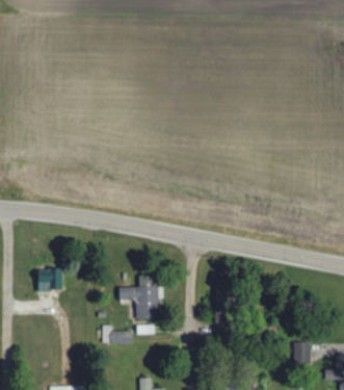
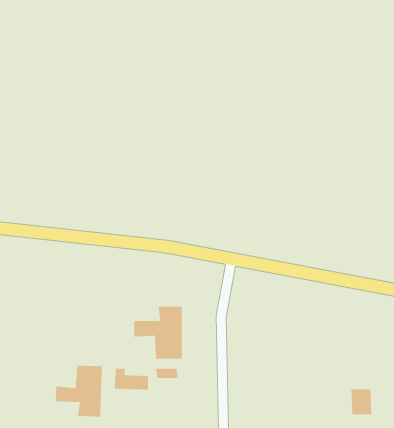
building: [36,268,61,290] -> none
building: none -> [55,365,102,417]

